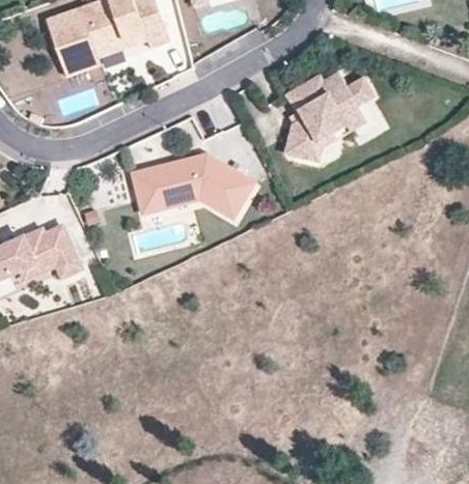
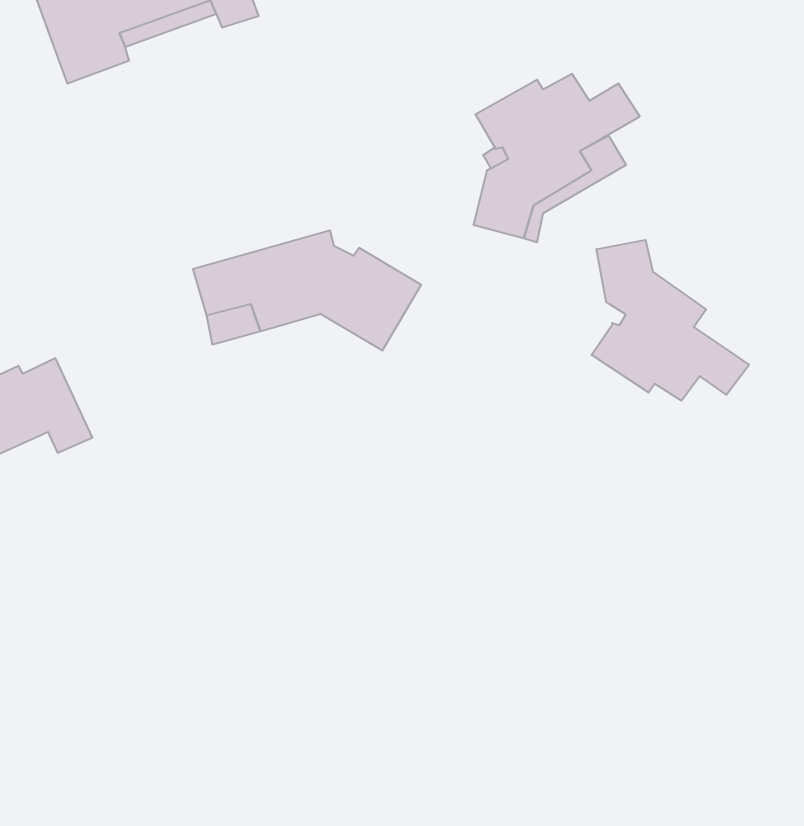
building: none -> [591,240,749,401]

